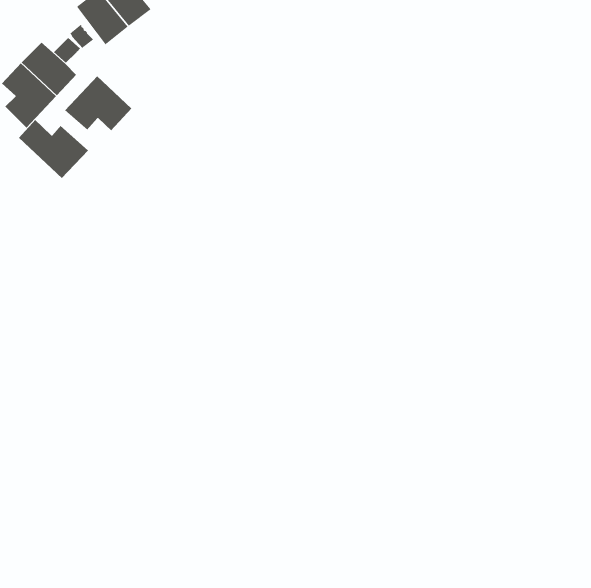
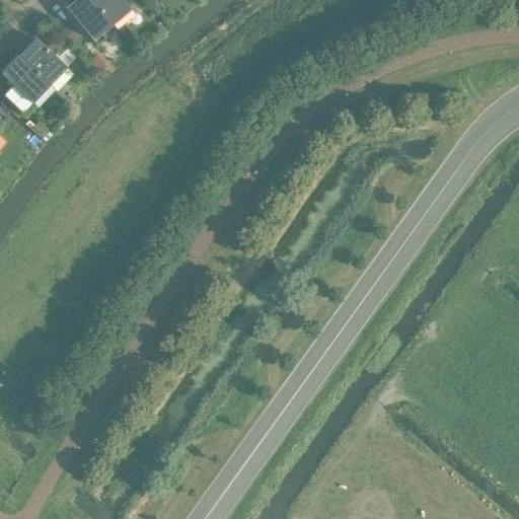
building: [64,75,132,131] -> none
building: [18,119,89,179] -> none

